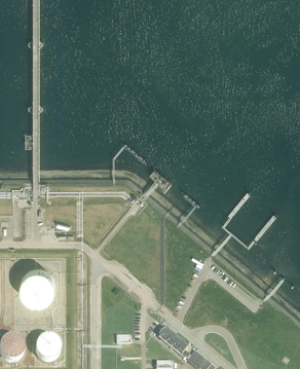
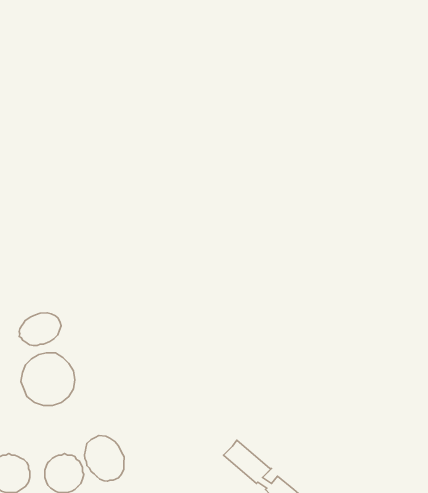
building: none -> [19,313,61,346]
building: none -> [85,436,124,481]

